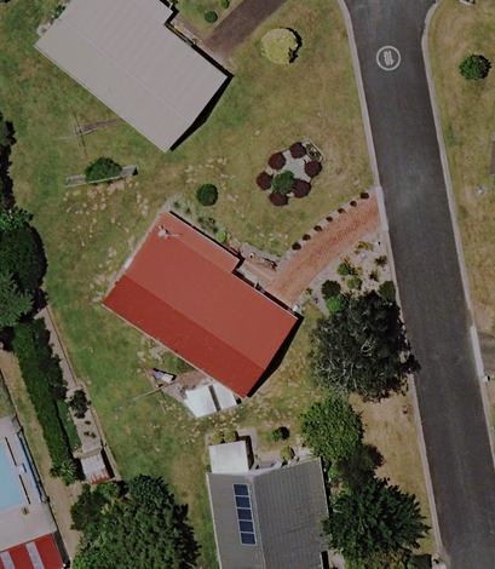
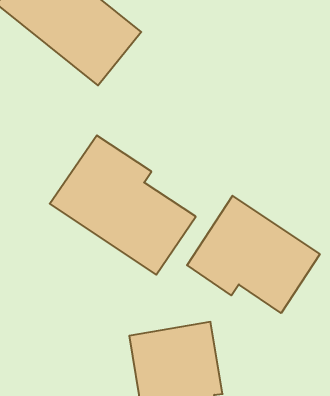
building: none -> [187,196,320,313]

